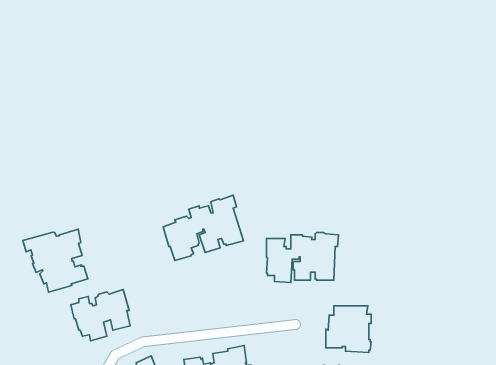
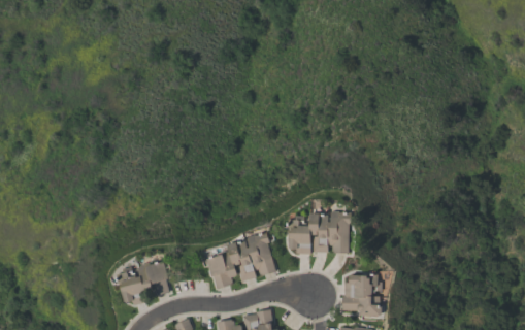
building: [163,195,243,260] -> [205,231,276,289]
building: [23,229,88,292] -> none

